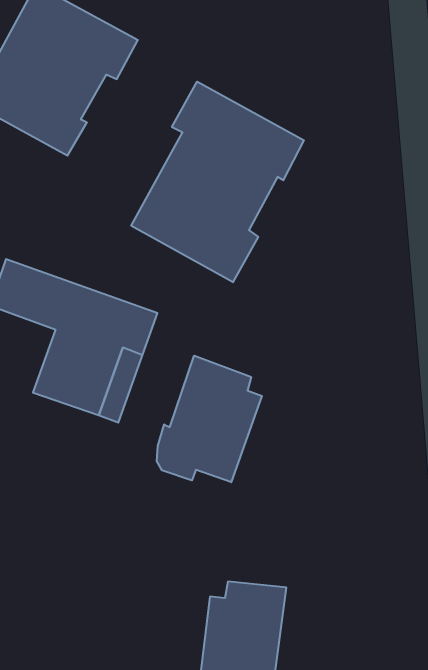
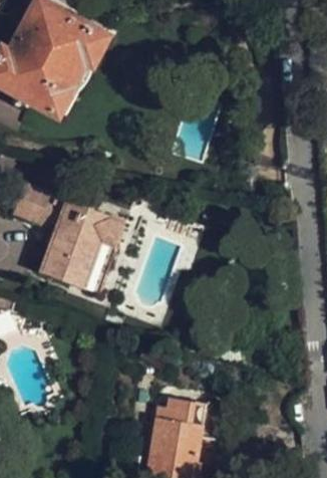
building: [131,82,304,282] -> none
building: [157,356,262,482] -> none

